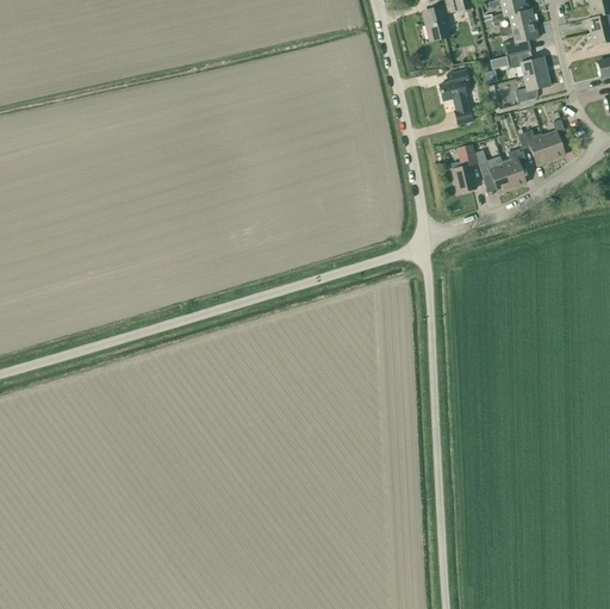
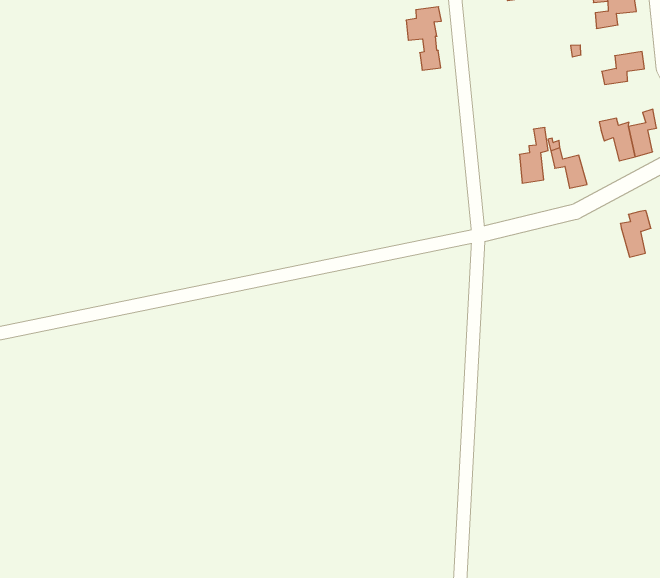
building: [506,49,547,76] -> none
building: [440,69,473,124] -> [406,7,441,70]
building: [502,147,528,187] -> [620,211,651,257]

